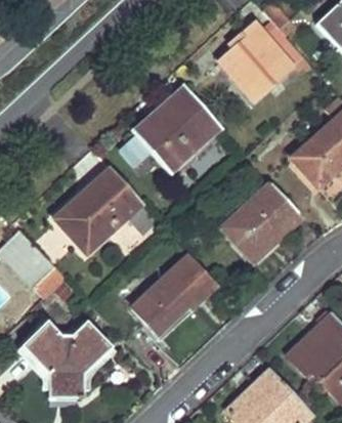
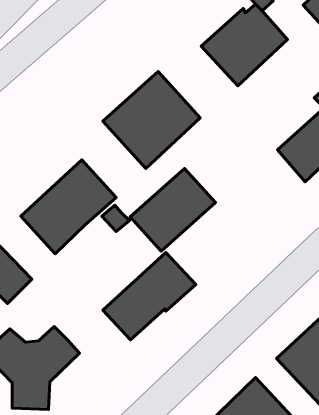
building: [221,183,300,260] -> [130,168,215,251]

